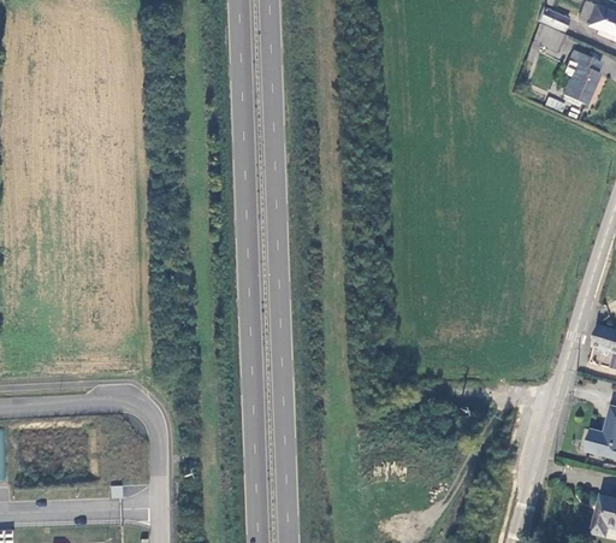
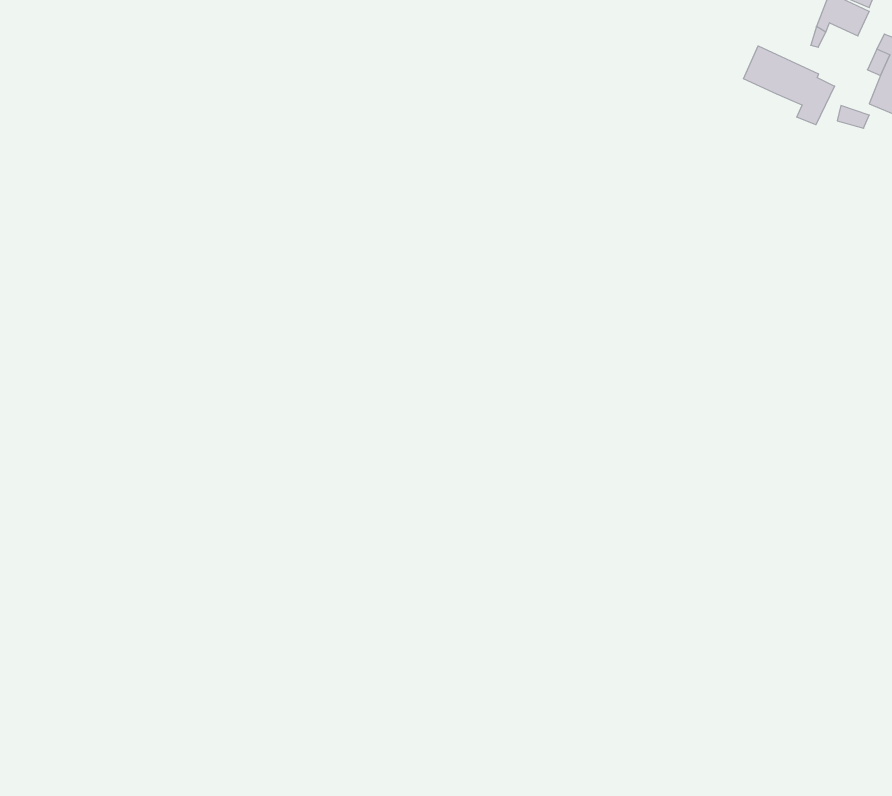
building: none -> [744,46,835,125]

